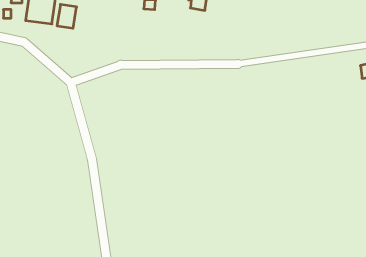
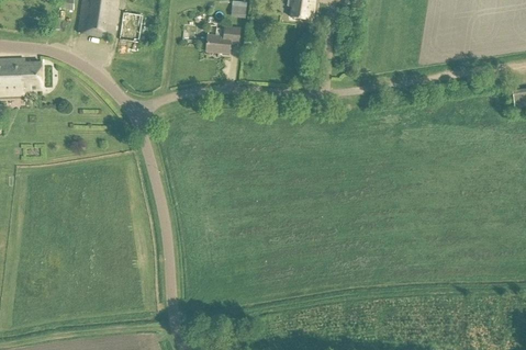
building: none -> [205,25,240,52]

